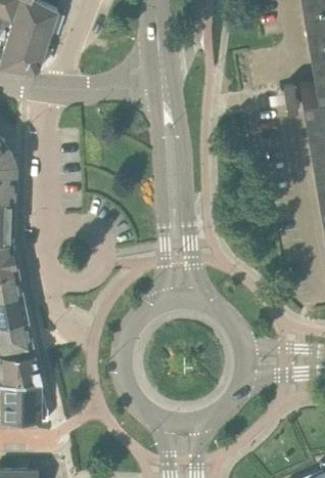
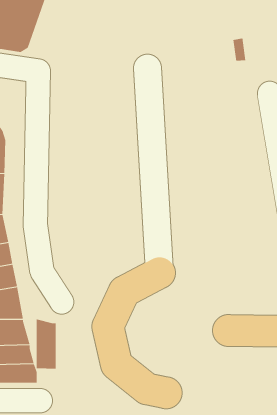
building: none -> [36,318,56,369]

